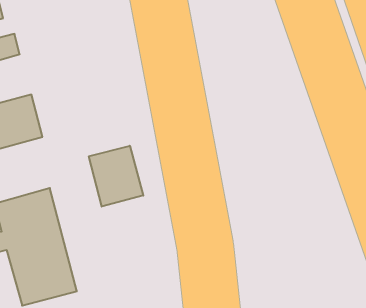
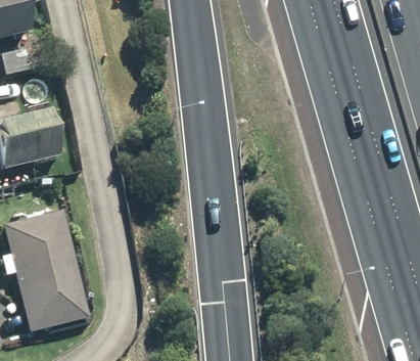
building: [89,146,143,207] -> none

